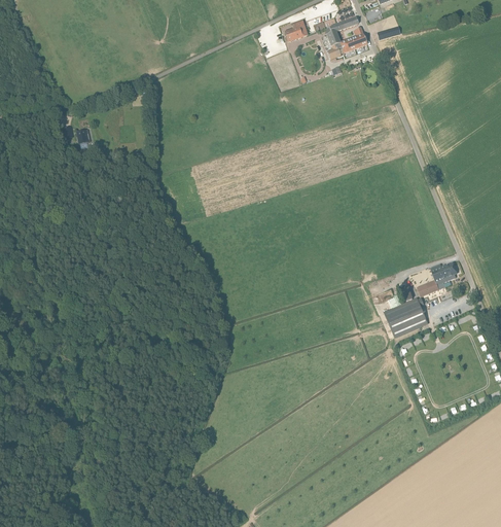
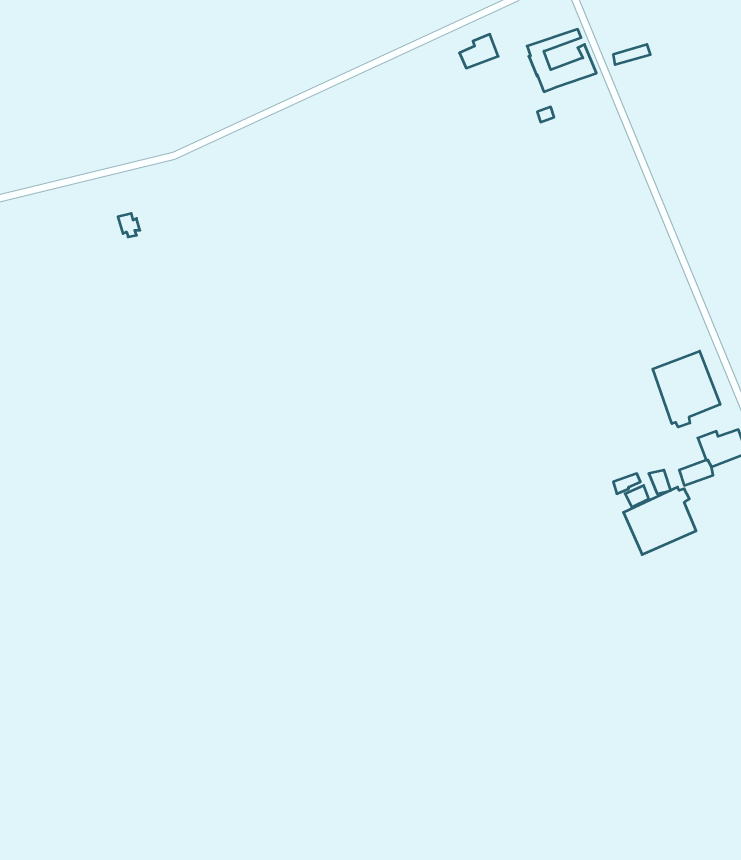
building: none -> [653,351,720,427]

